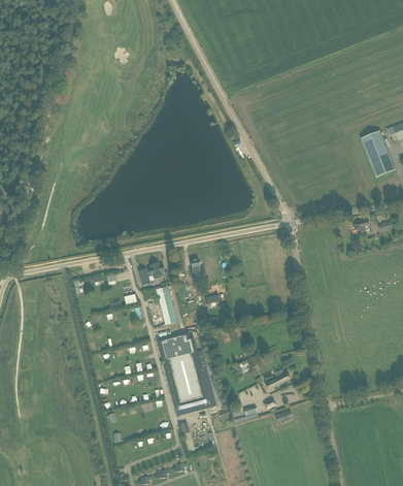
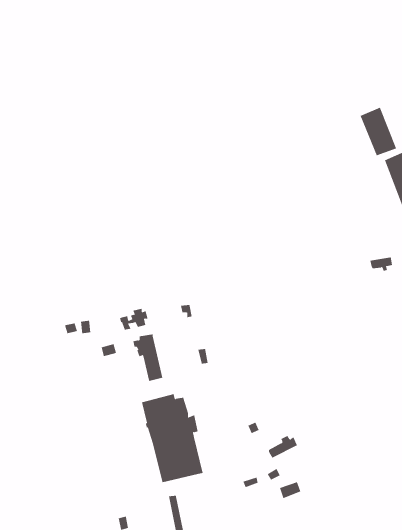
building: none -> [360,107,397,156]

